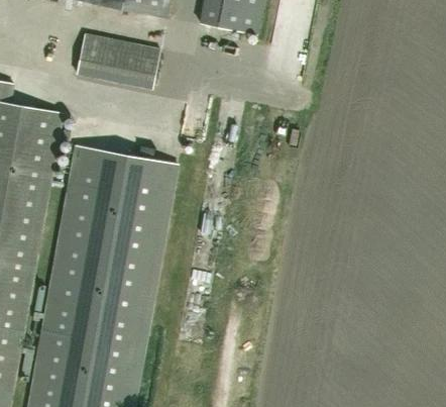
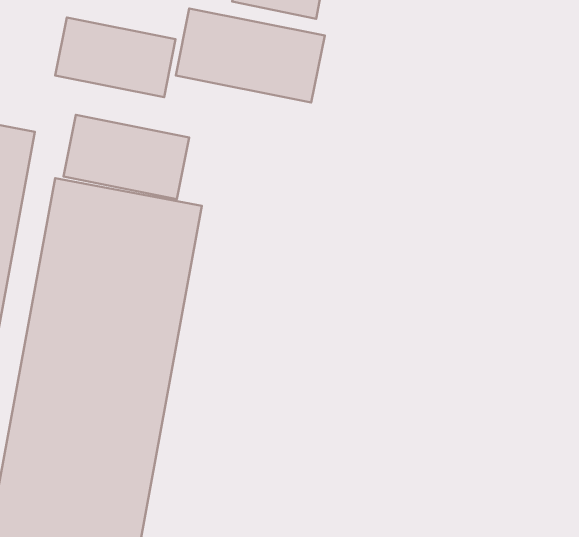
building: none -> [176,8,325,103]
building: none -> [64,115,189,199]

